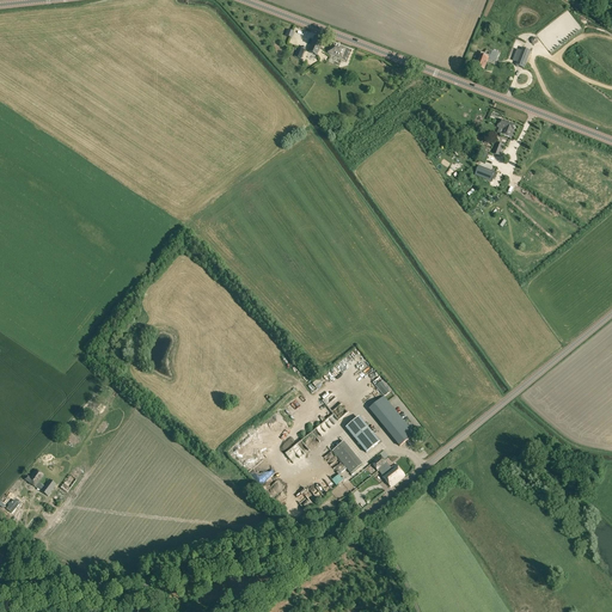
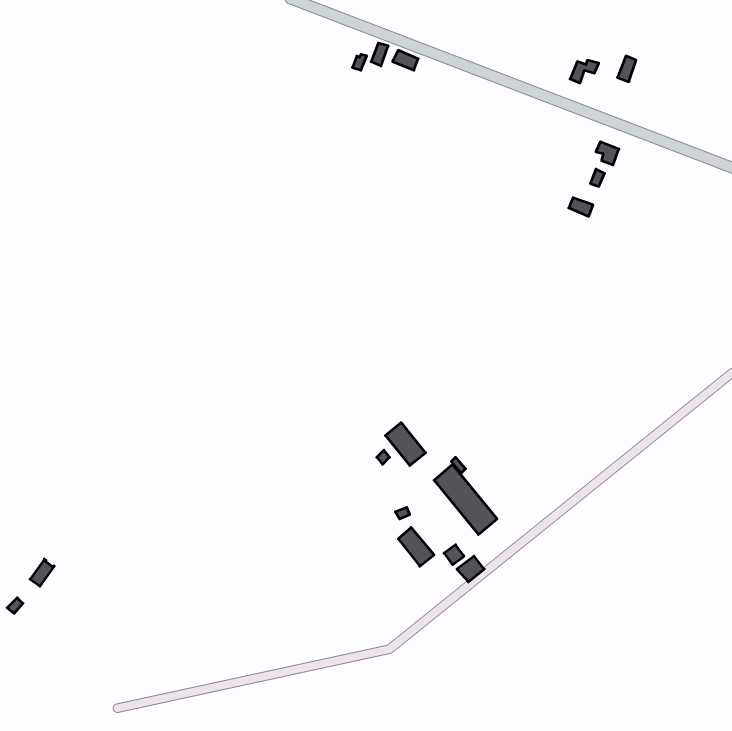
building: [345,416,379,452] -> [385,423,426,466]

